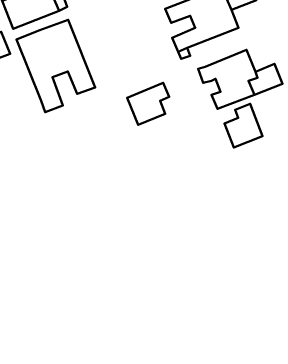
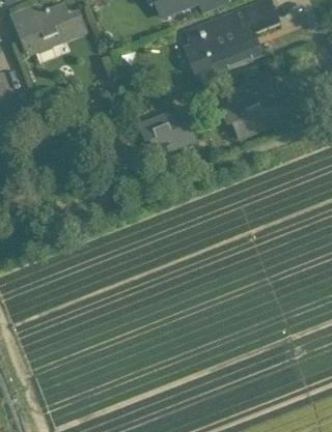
building: [16,20,95,112] -> none
building: [224,104,263,147] -> none

